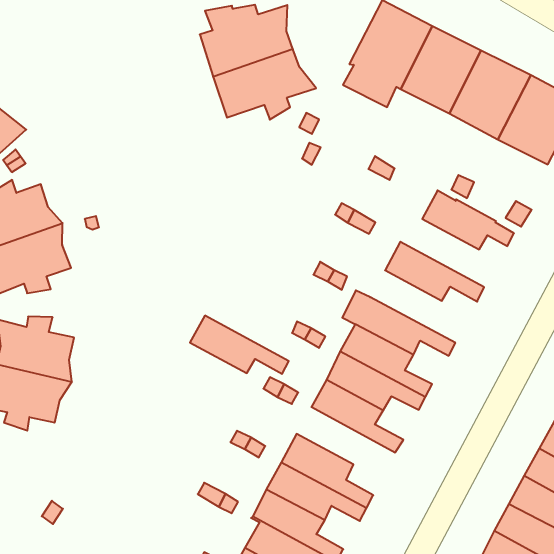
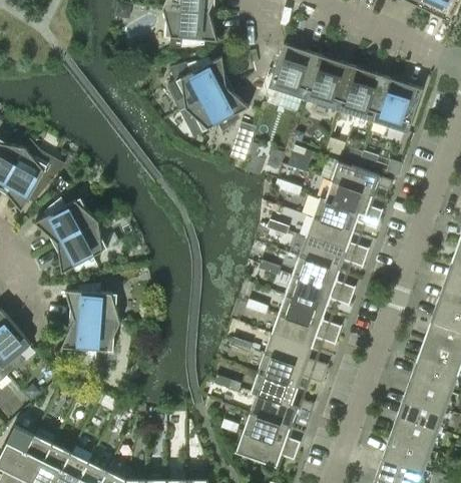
building: none -> [320,181,383,219]
building: none -> [306,218,369,259]
building: [190,316,289,374] -> [272,315,338,348]

